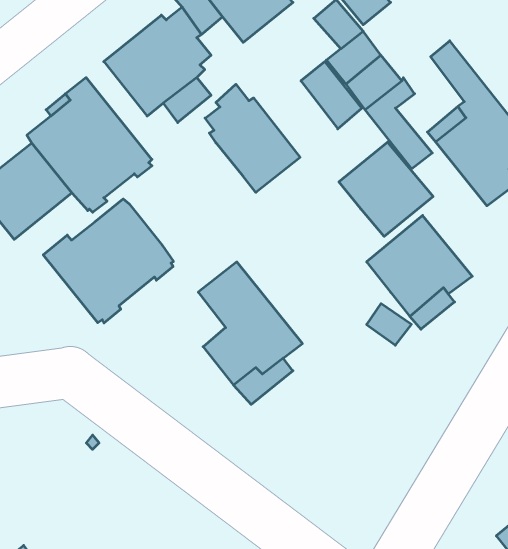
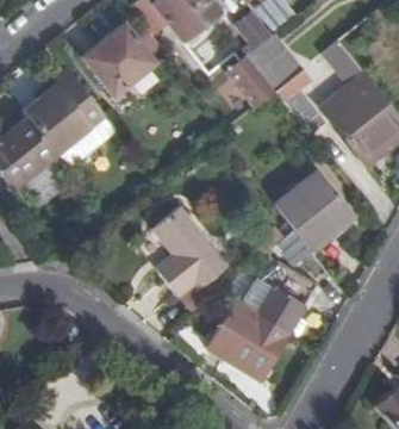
building: [205,84,300,192] -> none
building: [339,142,433,236] -> none
building: [43,199,173,323] -> none
building: none -> [207,260,316,380]

